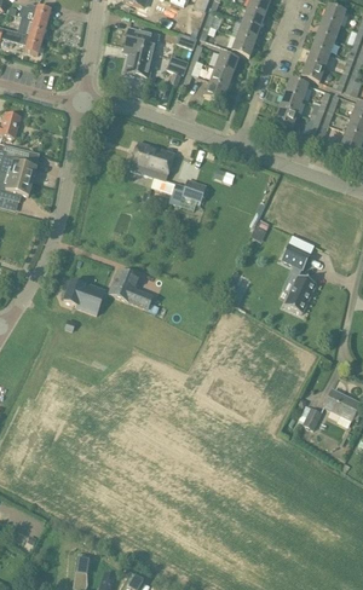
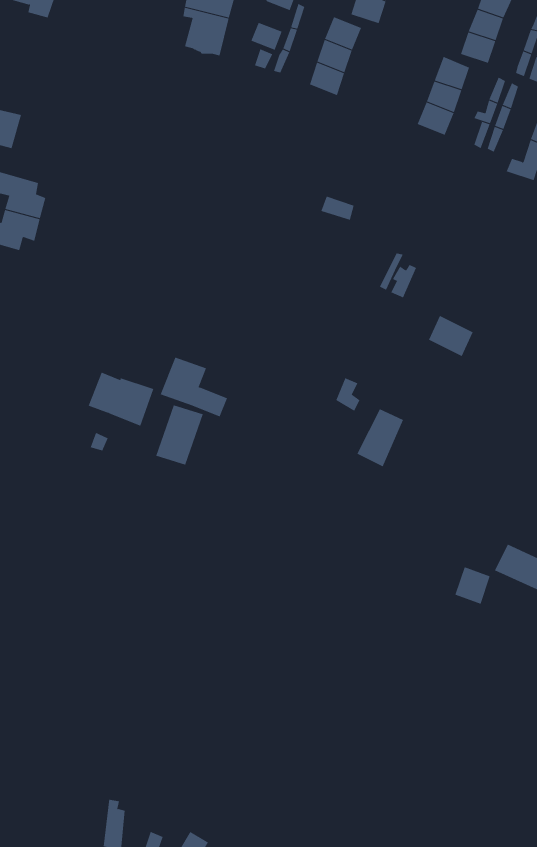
building: [129,140,206,209] -> none
building: [284,274,315,312] -> [357,409,404,467]
building: none -> [156,405,204,465]

